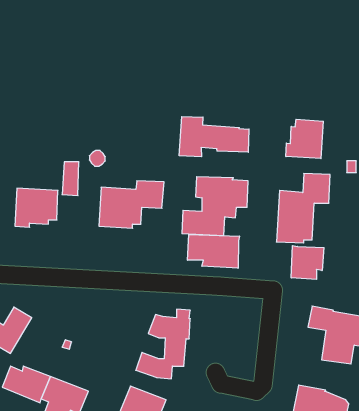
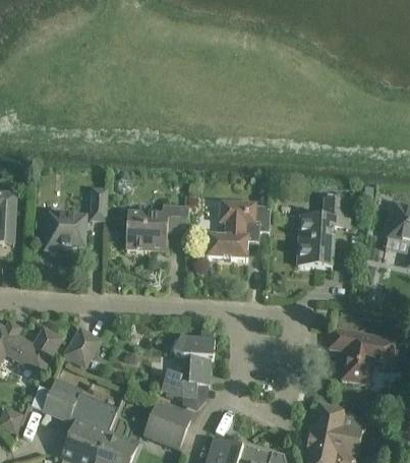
building: [179,117,249,157] -> none
building: [286,119,323,159] -> none
building: [188,234,239,268] -> none
building: [291,246,324,279] -> none
building: none -> [63,328,100,366]

